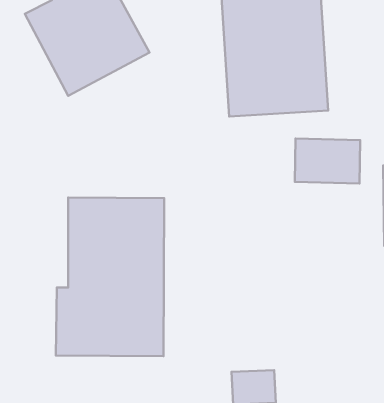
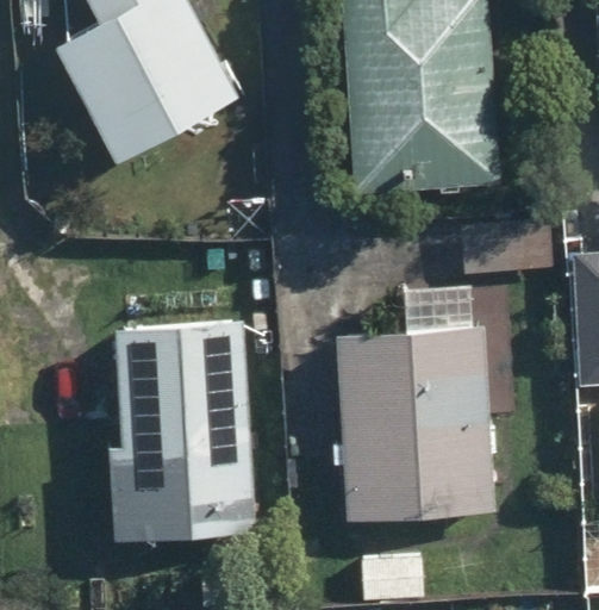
building: none -> [349,329,486,521]

